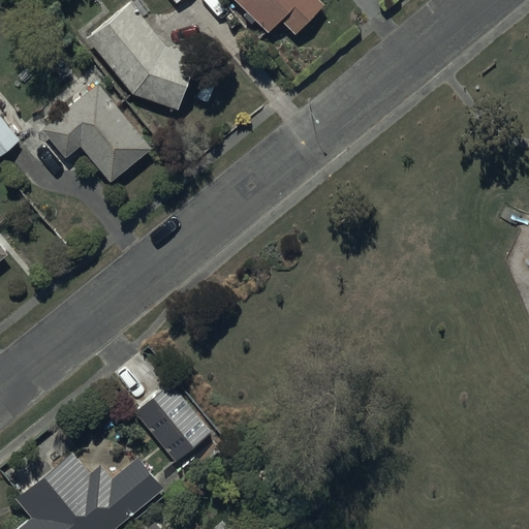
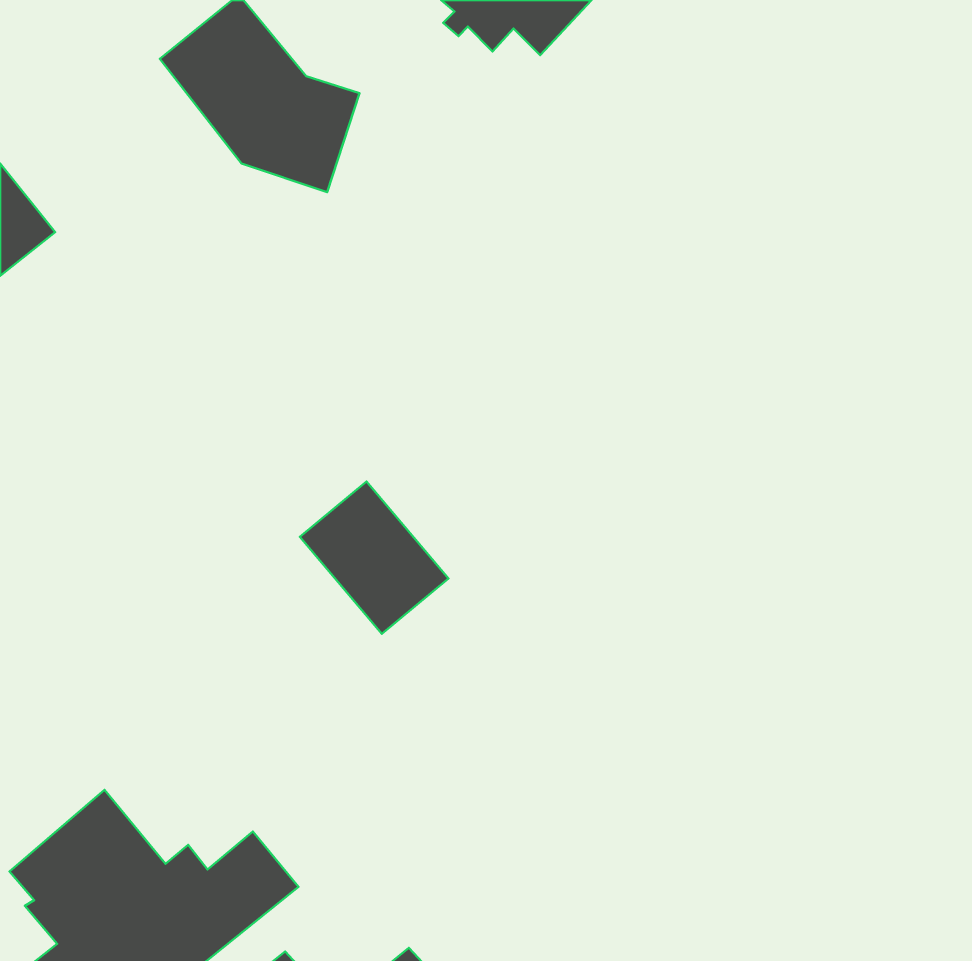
building: [41,85,151,183] -> none
building: [133,383,214,466] -> [300,482,448,634]

